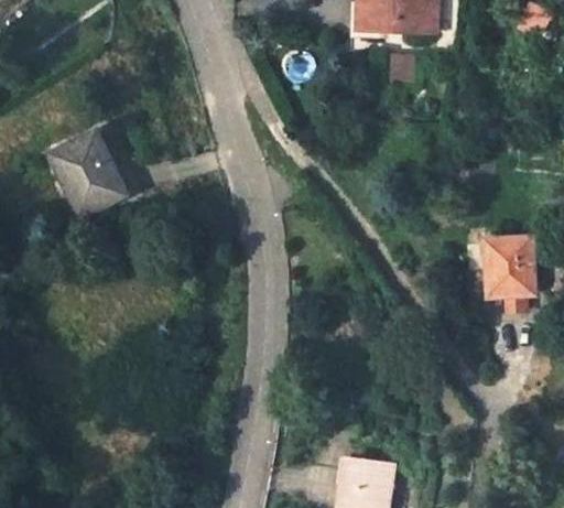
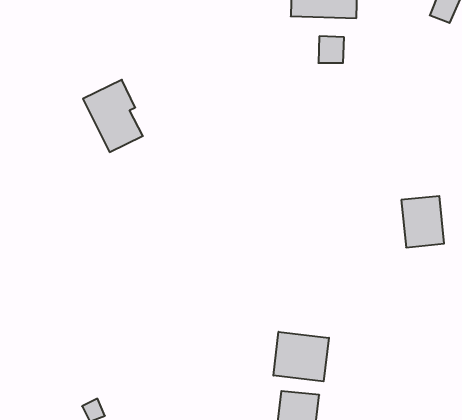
building: [51,131,120,215] -> [83,80,143,152]
building: none -> [273,332,329,381]

